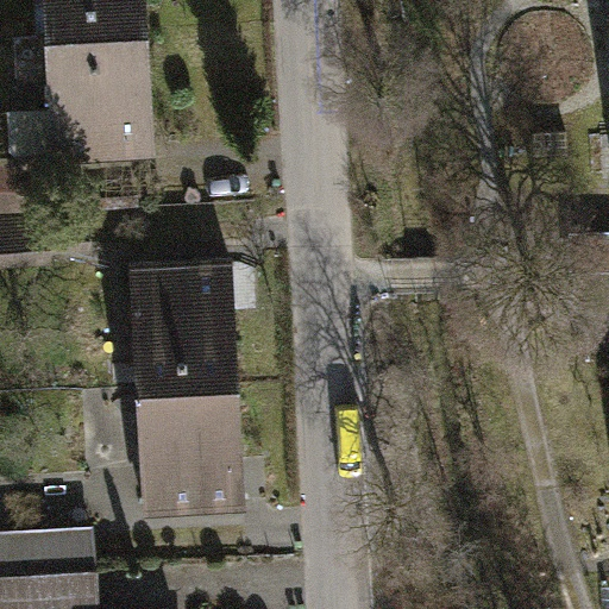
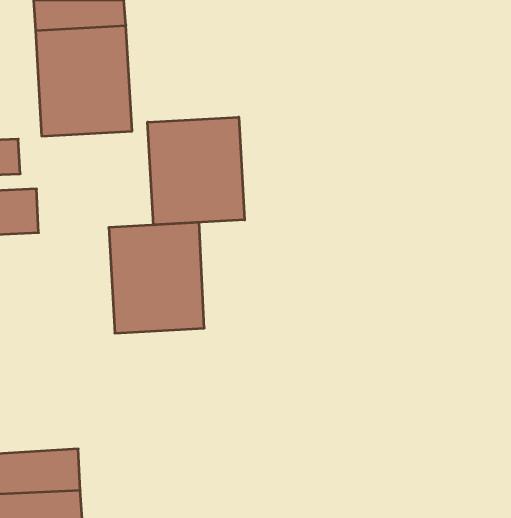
building: none -> [148,117,245,225]
building: [134,385,246,515] -> none

